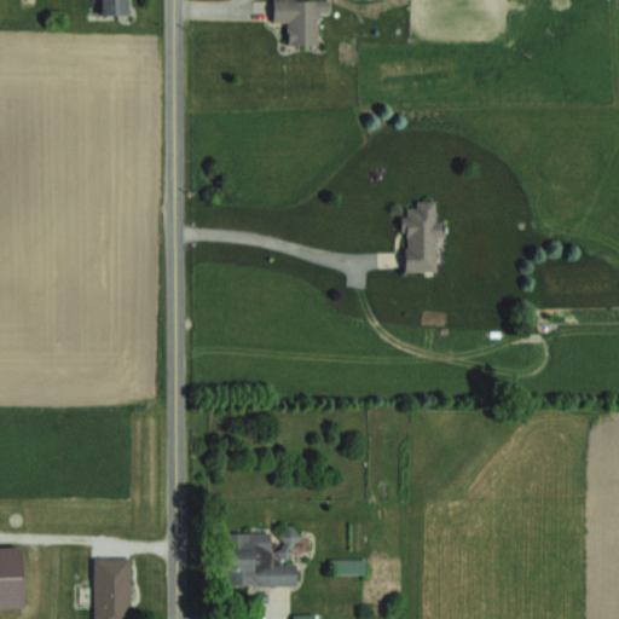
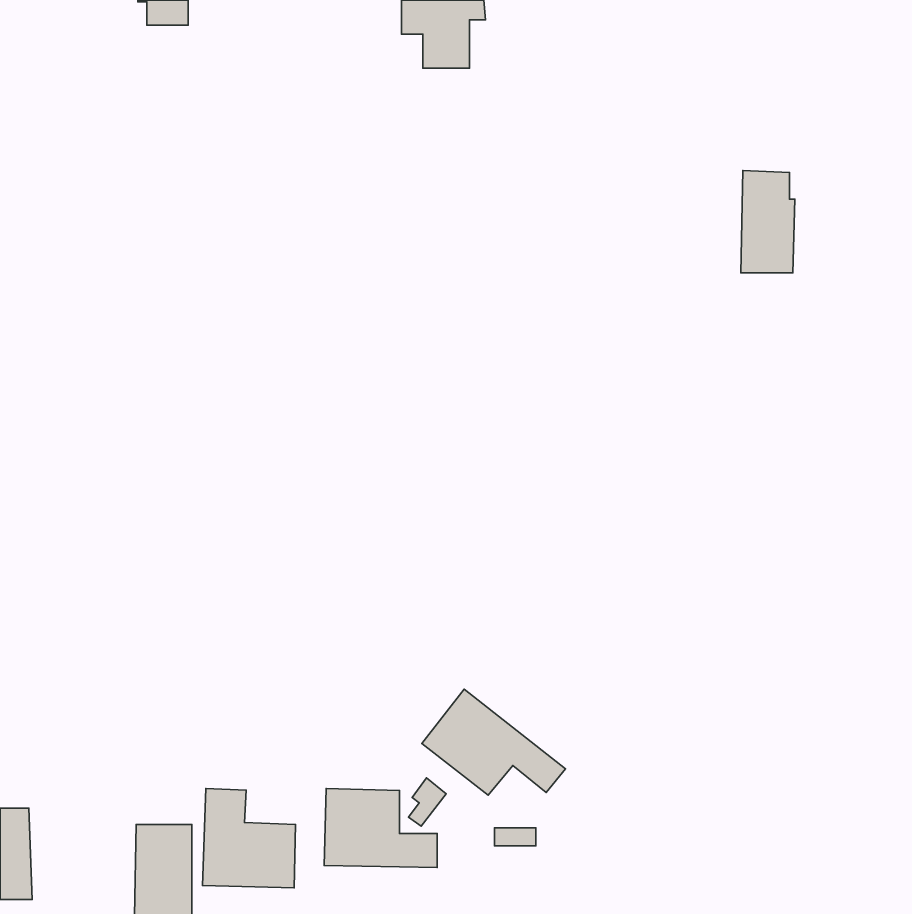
building: [404,203,440,272] -> [741,171,795,273]
building: none -> [422,689,566,795]
building: none -> [203,789,295,888]

